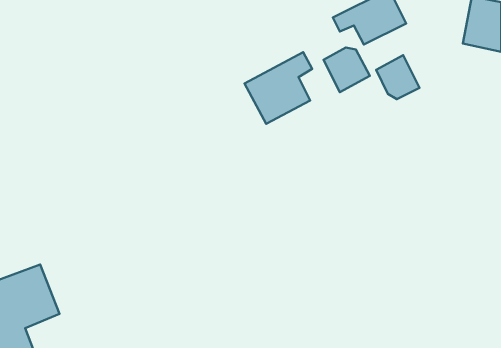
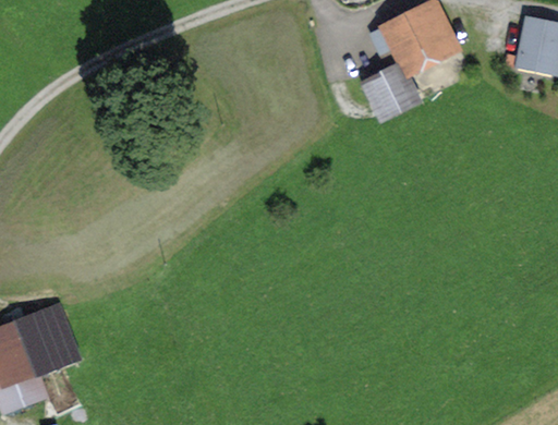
building: [245,52,312,124] -> none
building: [376,55,419,99] -> none

